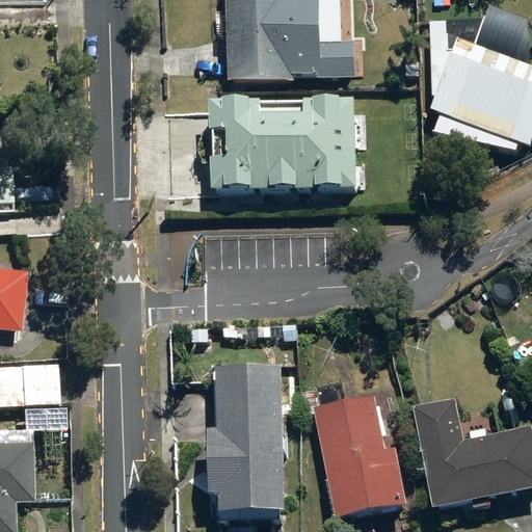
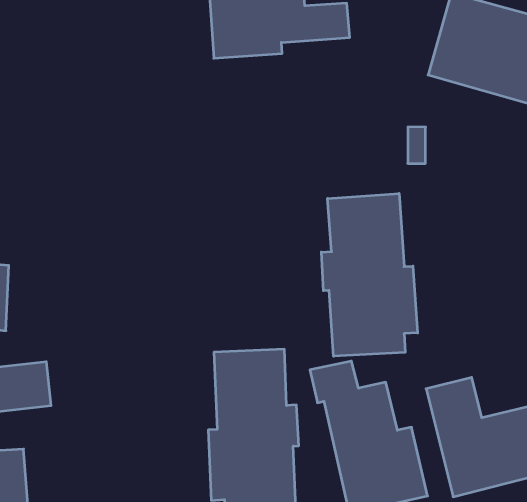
building: [207,103,365,192] -> none
building: none -> [321,193,418,356]

